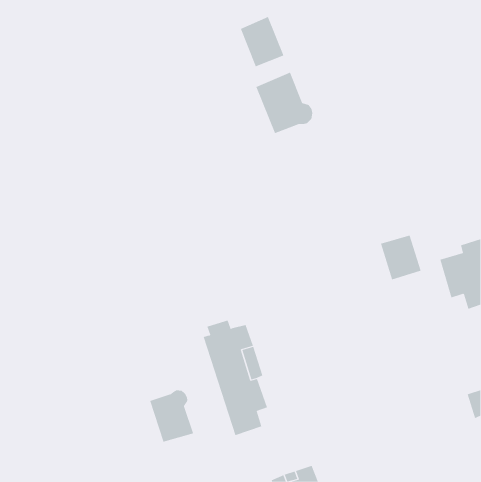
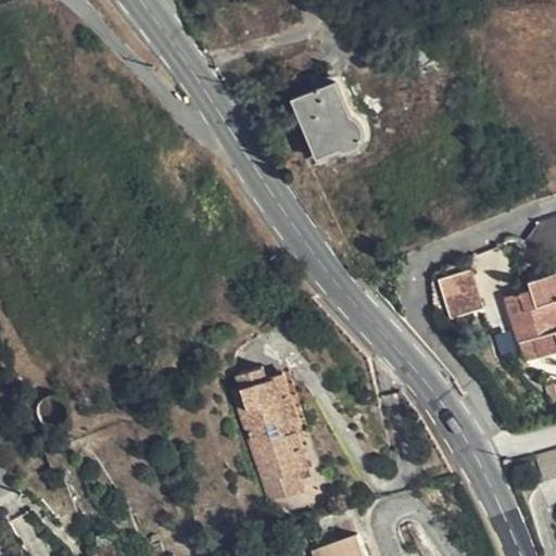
building: [240,16,284,67] -> none
building: [150,389,194,443] -> none

